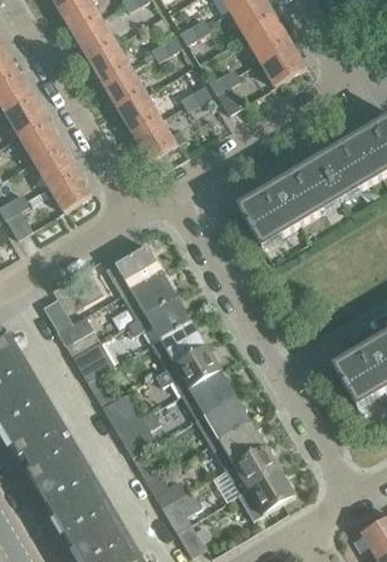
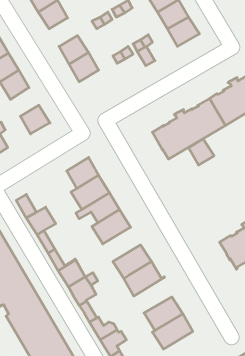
building: [89,43,130,84] -> none
building: [133,118,184,159] -> none
building: [34,144,75,185] -> none
building: none -> [188,139,214,165]
building: [156,344,221,393] -> none
building: [211,416,265,467] -> none

